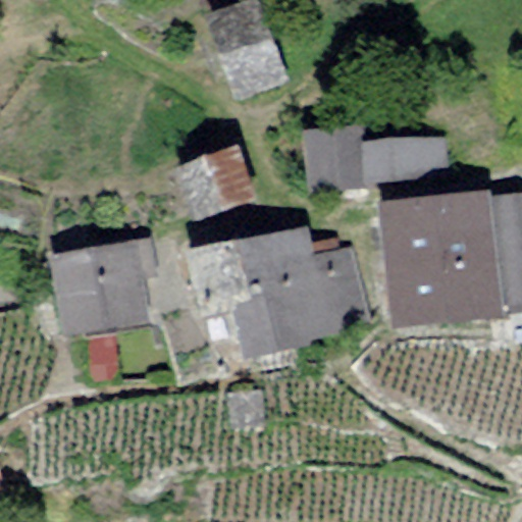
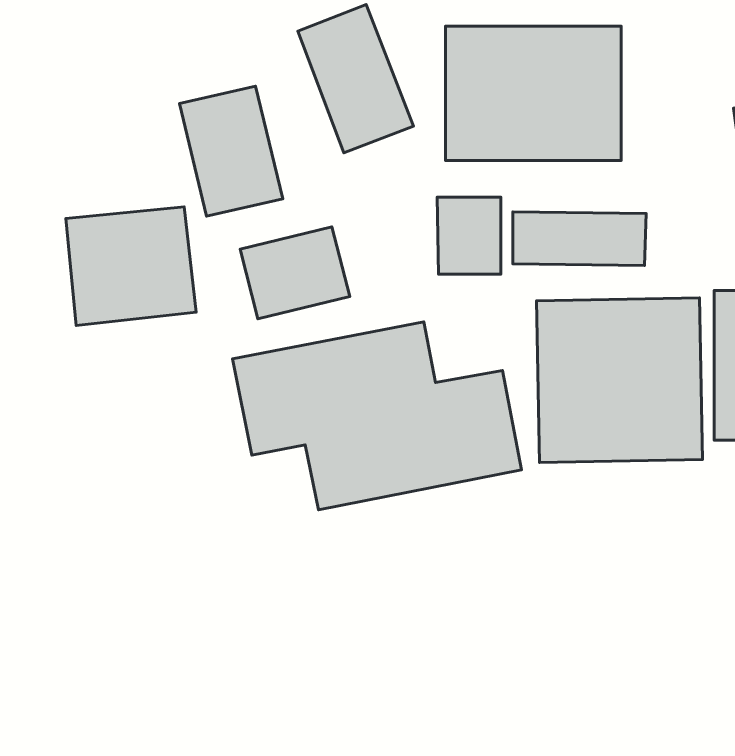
building: none -> [446,26,621,161]
building: none -> [179,86,283,216]
building: [49,245,139,326] -> [66,207,196,325]

